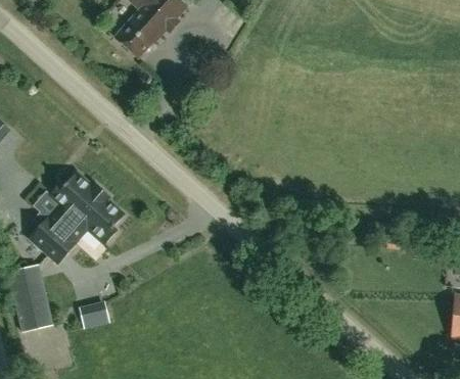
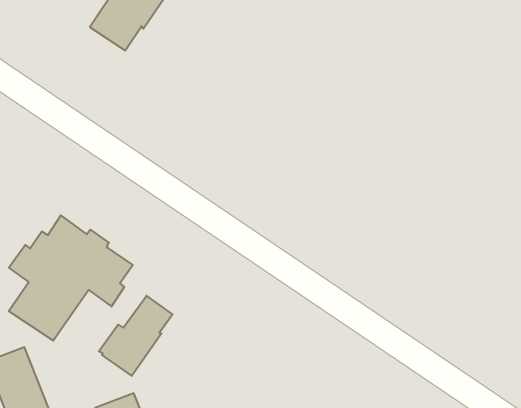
building: none -> [99,296,173,376]

